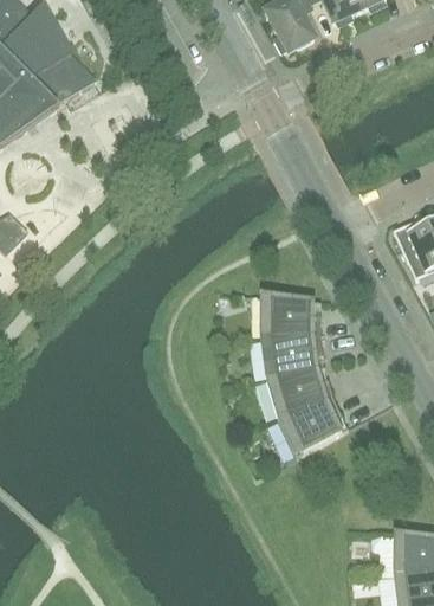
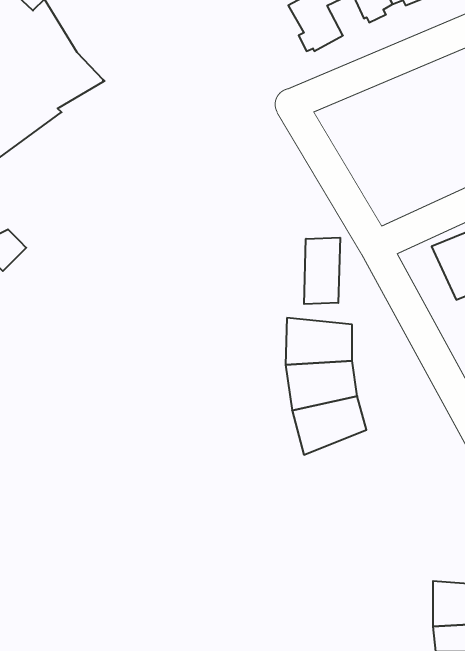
building: none -> [304,238,340,304]
building: [277,397,348,457] -> none

